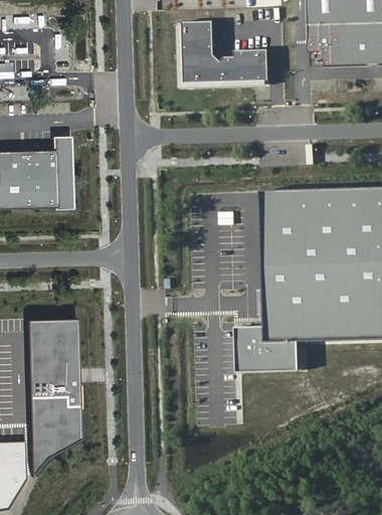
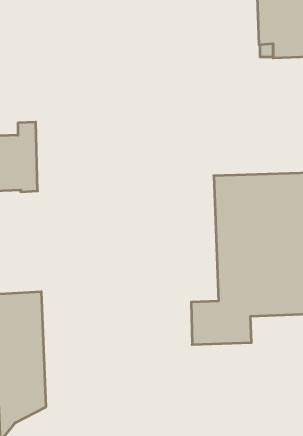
building: [183,20,271,83] -> none

